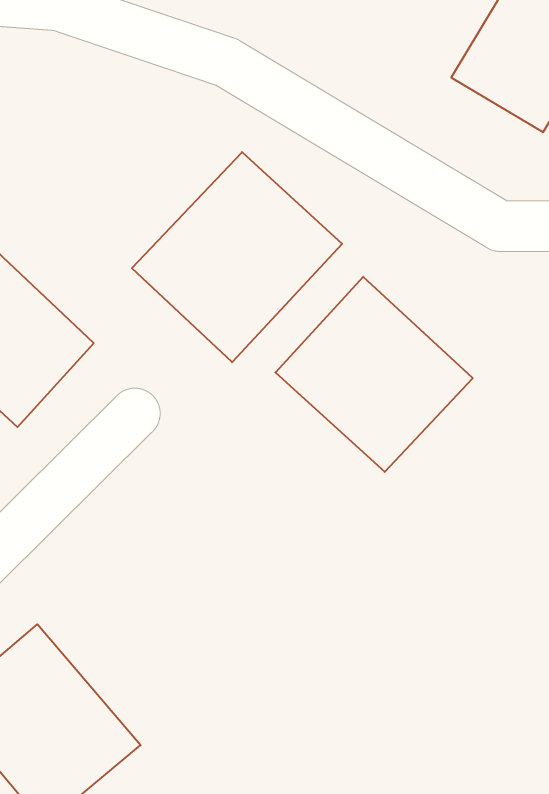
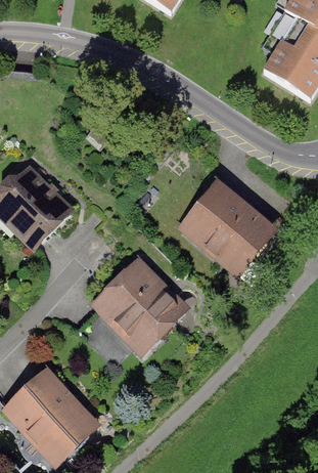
building: [132,152,342,362] -> none
building: none -> [87,253,187,354]

